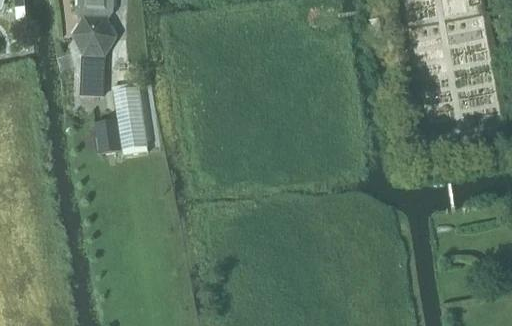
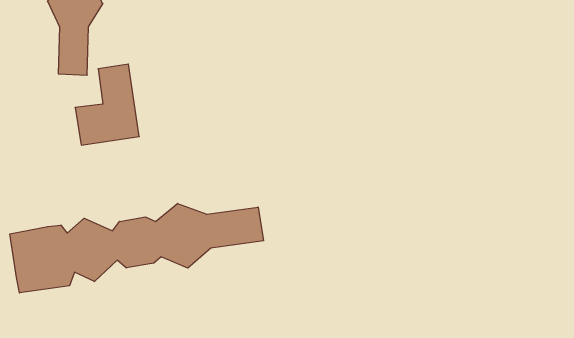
building: none -> [10,203,263,293]

